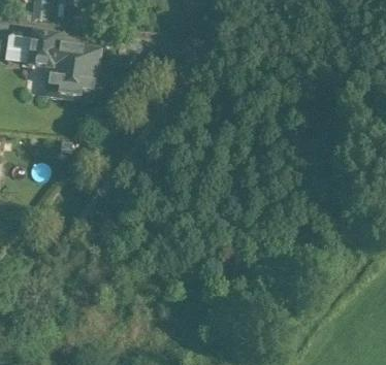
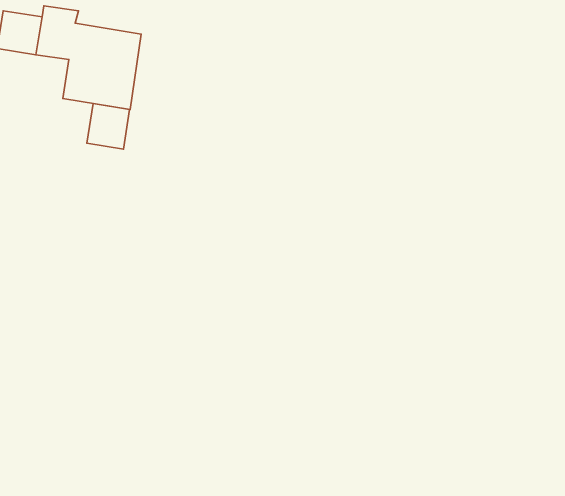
building: none -> [87,104,130,149]

